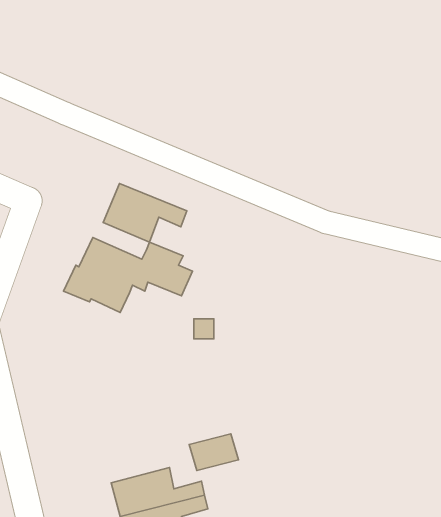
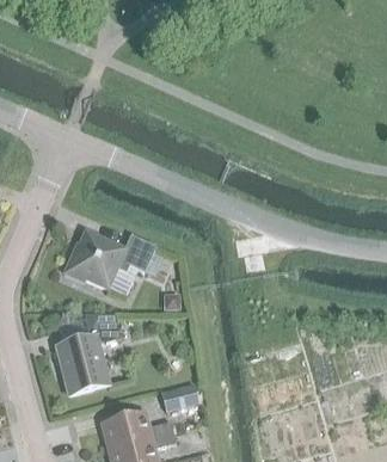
building: [103,183,187,242] -> none
building: none -> [56,313,119,394]

